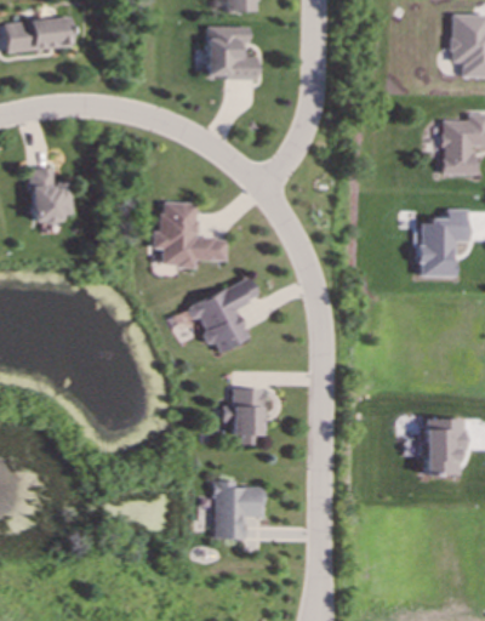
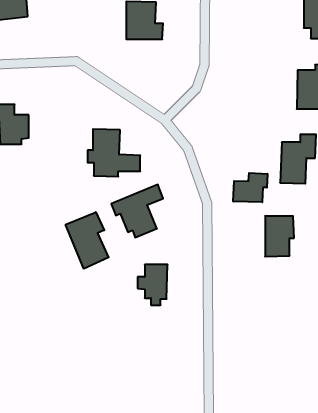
building: none -> [233,173,267,202]
building: none -> [66,212,109,269]
building: [426,418,466,474] -> [265,216,294,257]
building: [213,480,264,539] -> none

